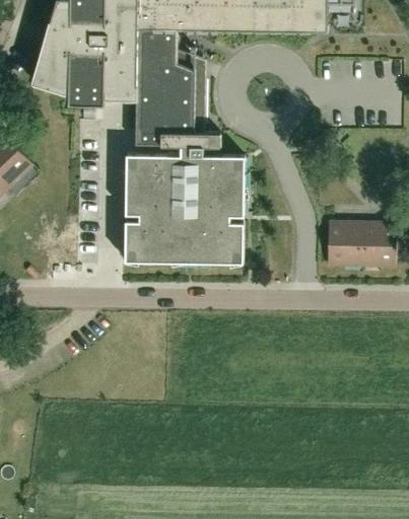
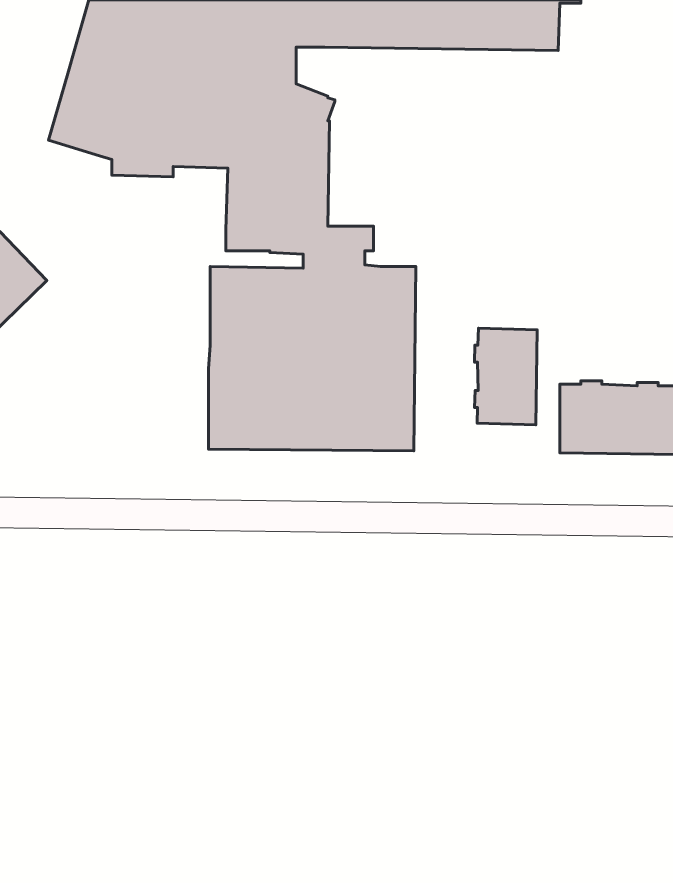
building: none -> [474,328,537,425]

